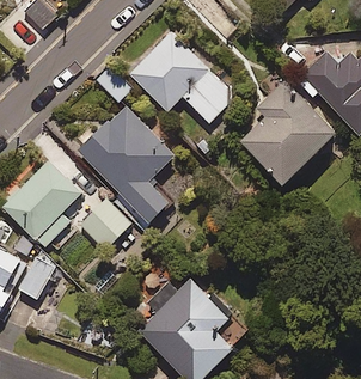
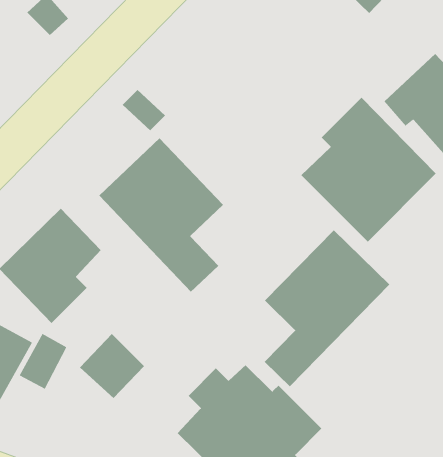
building: [128,32,234,123] -> none
building: none -> [264,230,390,387]
building: [78,196,128,246] -> [79,333,145,399]

